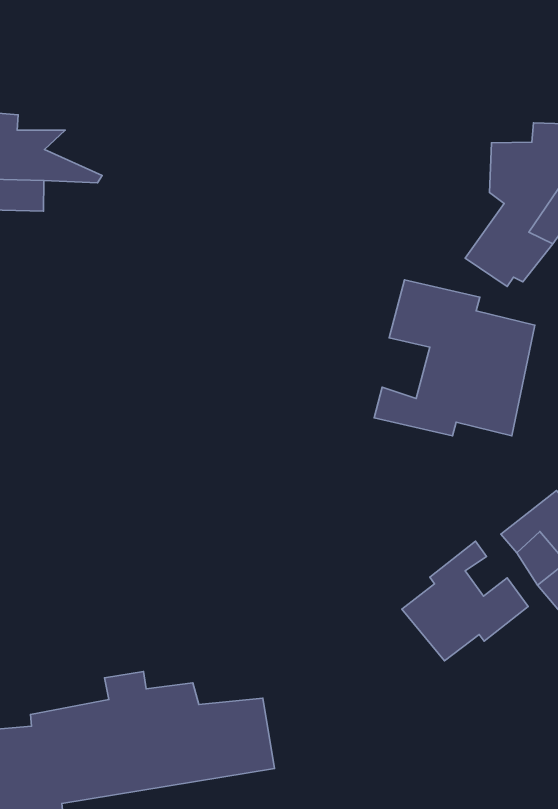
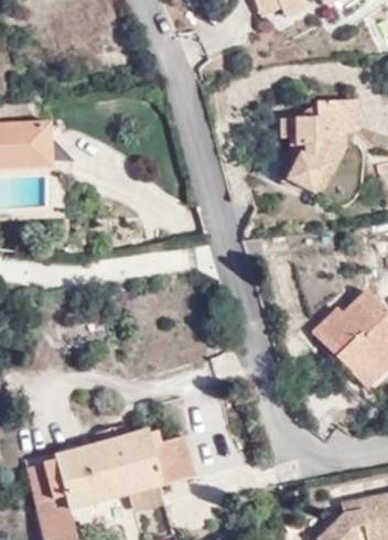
building: [374,280,535,436] -> none
building: [402,541,528,661] -> none

